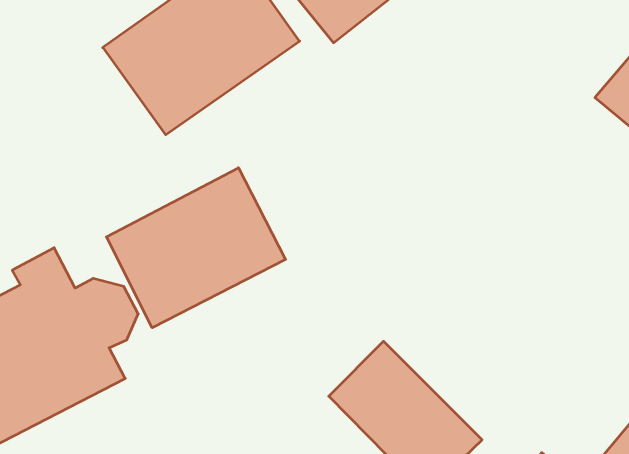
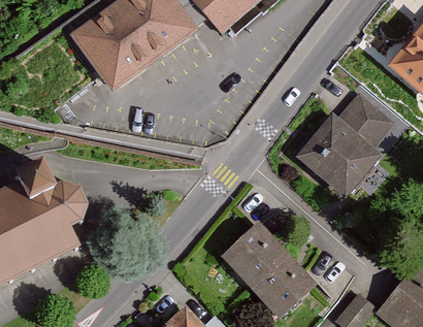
building: none -> [294,92,389,196]
building: [106,168,286,328] -> none

